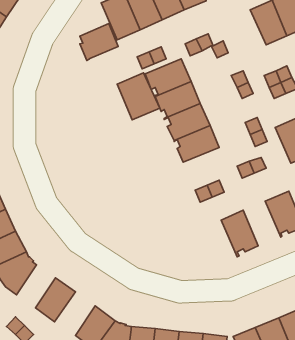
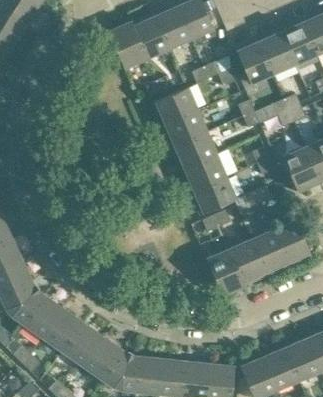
building: none -> [235,39,273,84]
building: [80,24,118,60] -> none
building: [117,73,160,120] -> none
building: none -> [190,177,236,215]
building: none -> [250,231,288,276]
building: none -> [206,250,244,296]
building: none -> [23,295,62,338]
building: none -> [61,322,102,366]

